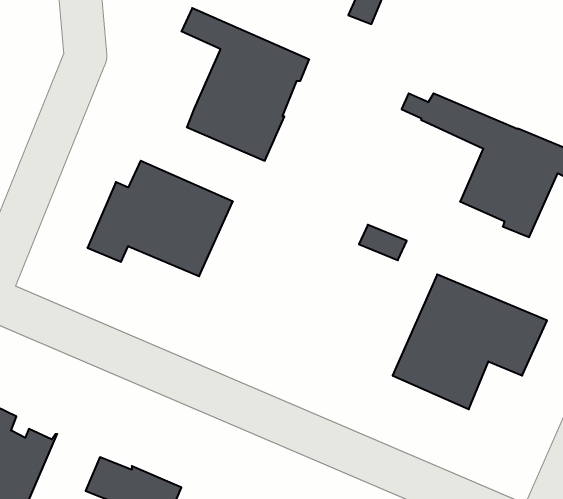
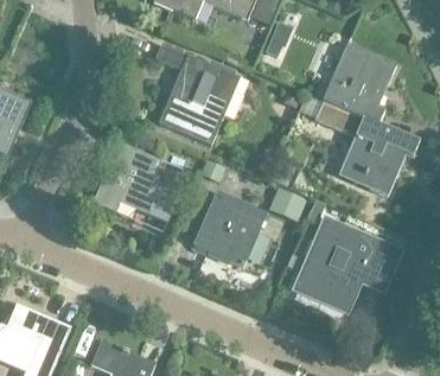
building: none -> [323,44,397,123]
building: none -> [193,191,264,267]

